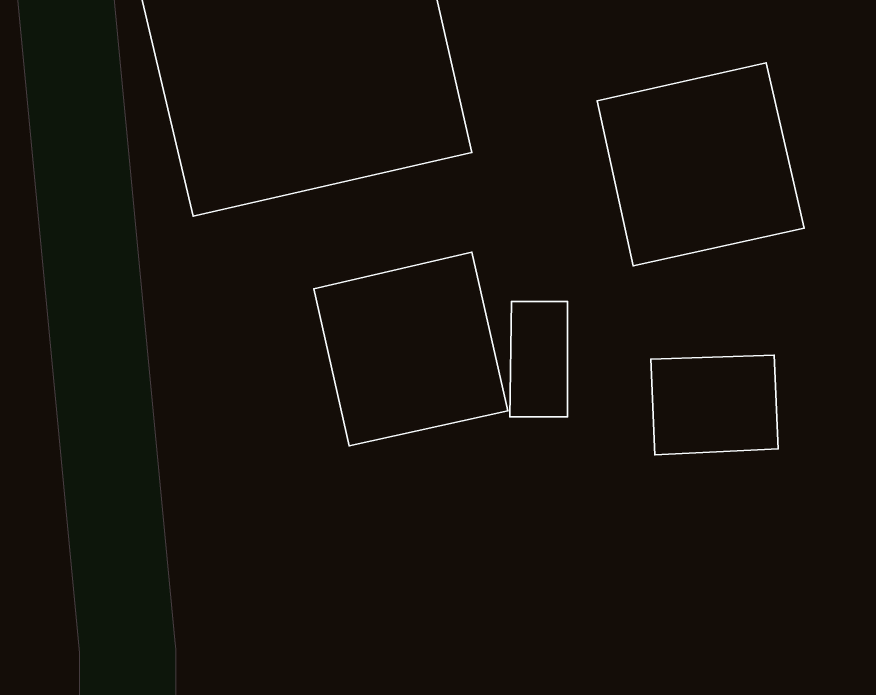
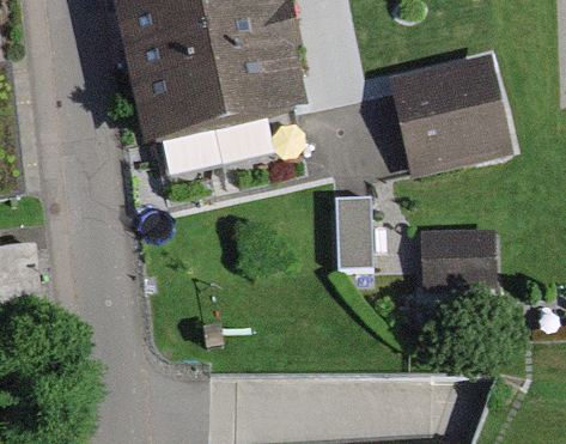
building: [314,252,508,446] -> none

